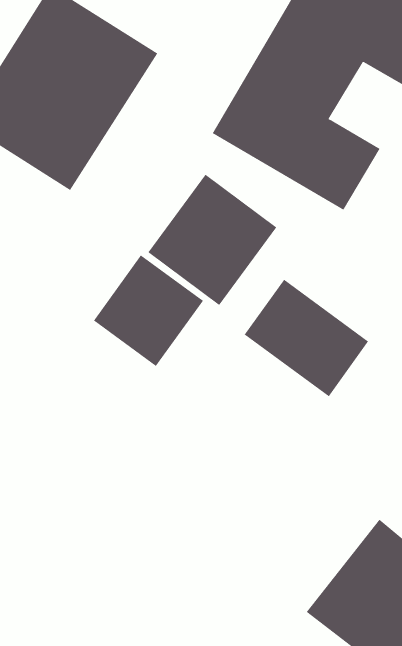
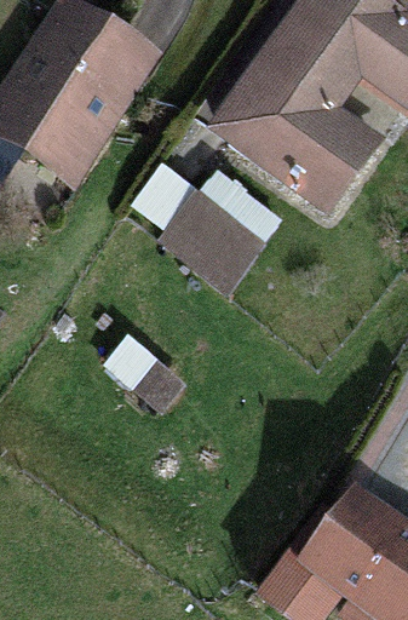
building: [93,254,204,367] -> none
building: [244,279,369,397] -> none

